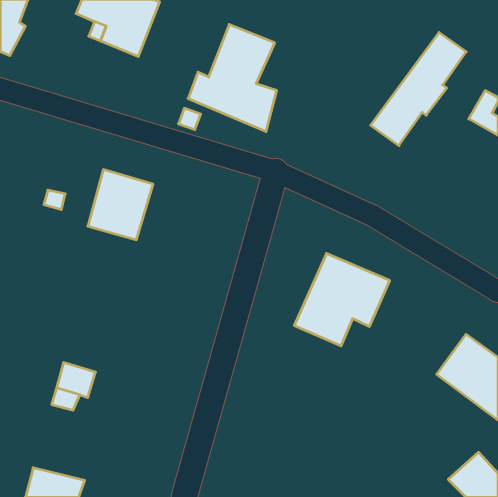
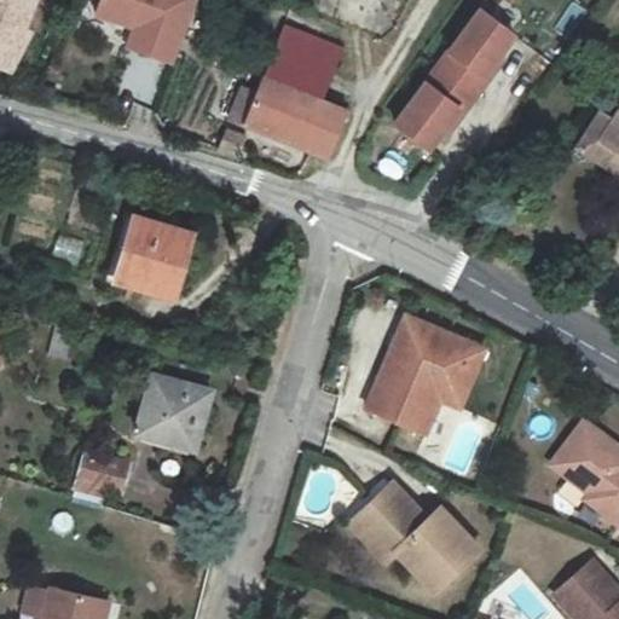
building: [371,32,466,146] -> [399,15,517,155]
building: none -> [140,358,226,450]
building: none -> [352,484,475,586]

